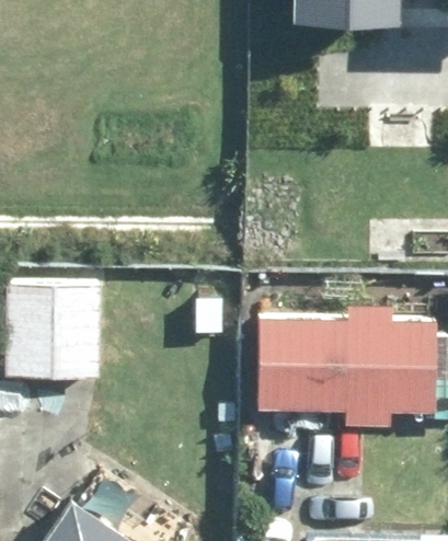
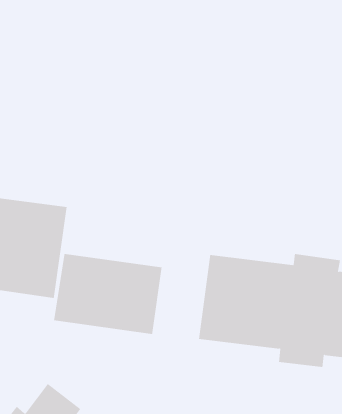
building: none -> [54,253,162,335]

